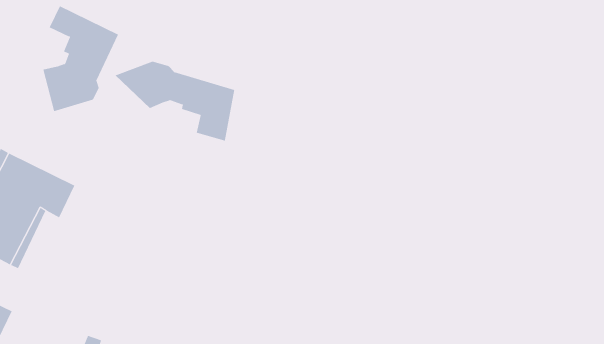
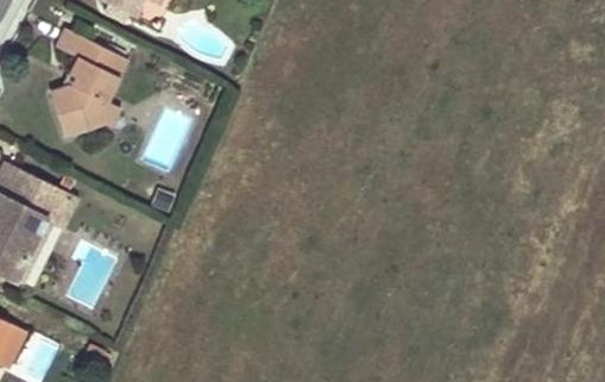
building: [114,61,235,141] -> none

